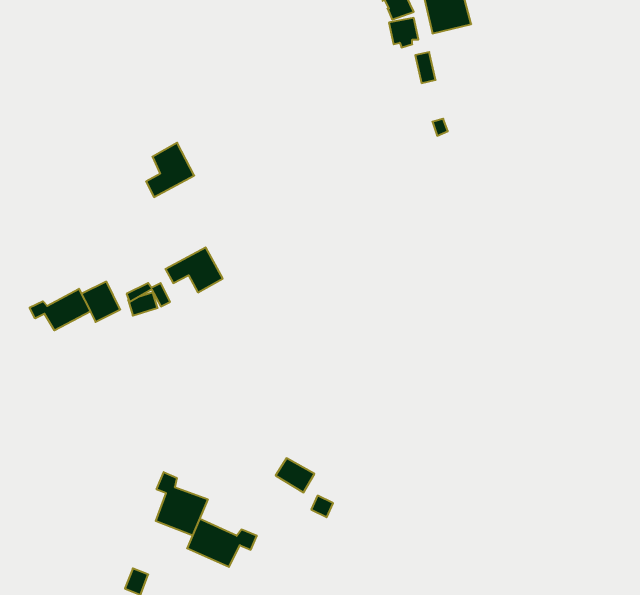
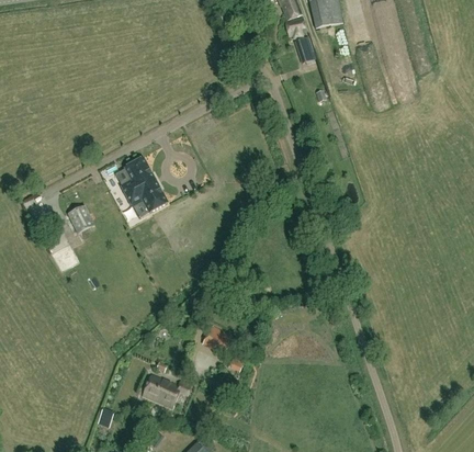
building: [146,143,194,197] -> [121,158,155,196]
building: [30,289,90,330] -> none
building: [156,472,208,535] -> none

